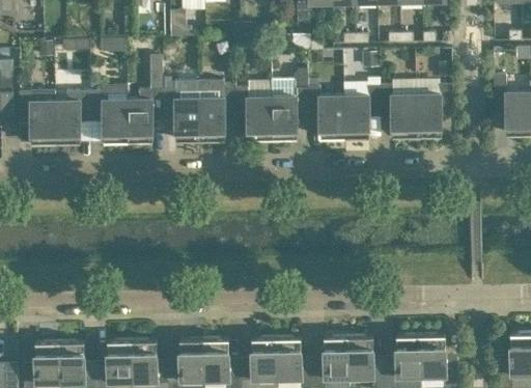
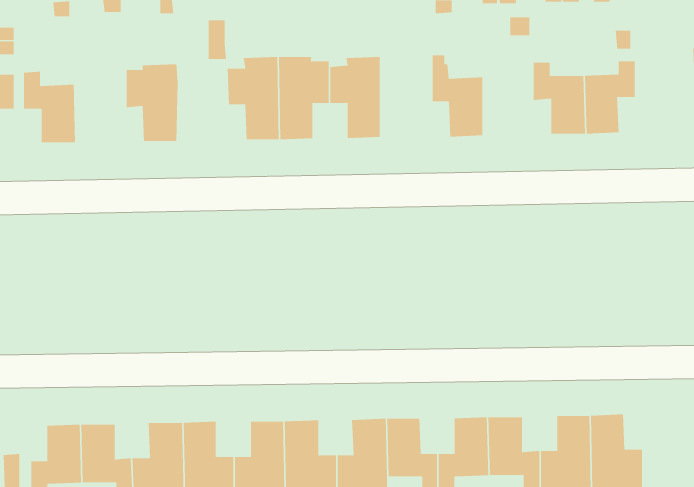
building: [272,70,308,138] -> none
building: [344,85,380,137] -> none
building: [128,89,164,141] -> none
building: [55,90,91,142] -> none

